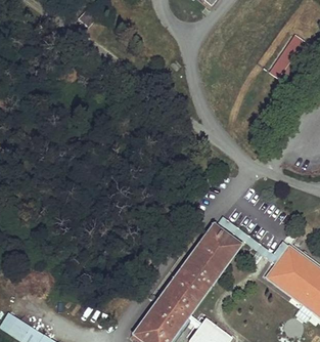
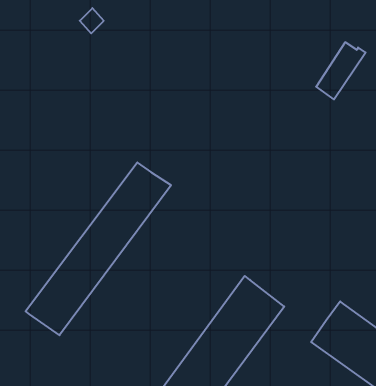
building: none -> [26,162,171,335]

